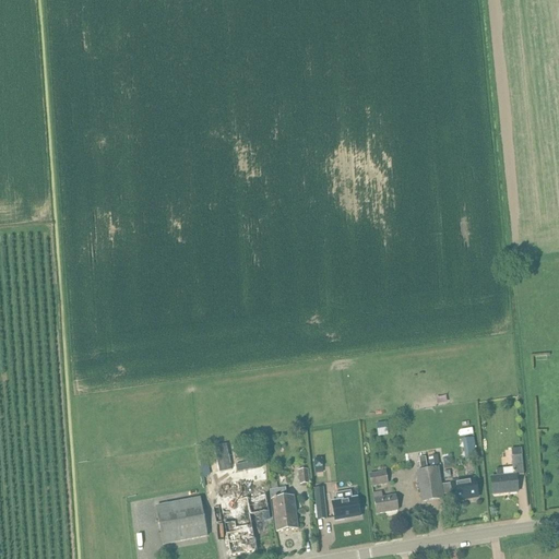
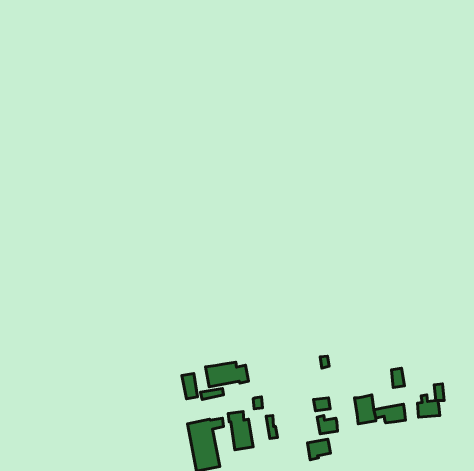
building: none -> [206,362,249,387]
building: [332,495,359,519] -> [307,439,331,460]
building: [156,496,206,542] -> none

